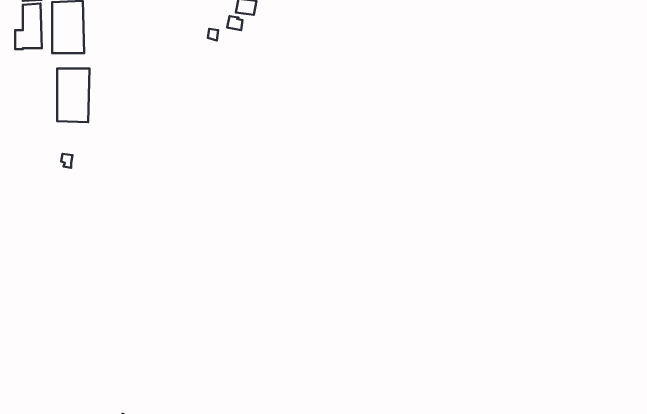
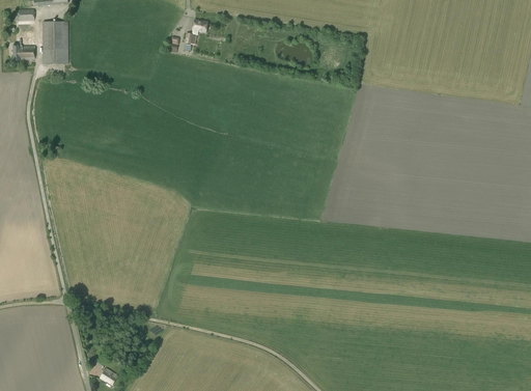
building: [57,68,89,122] -> none

